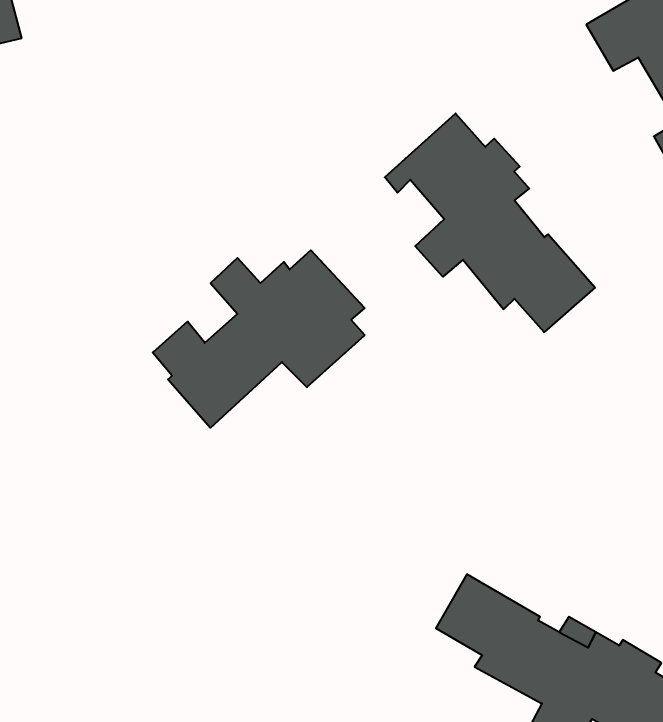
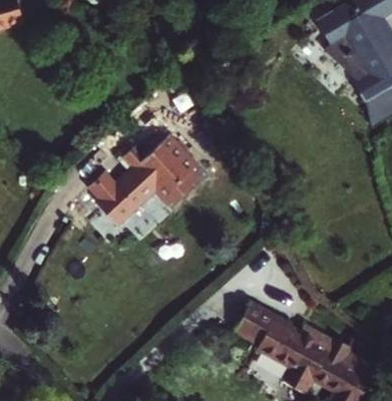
building: [385,113,595,332] -> none

